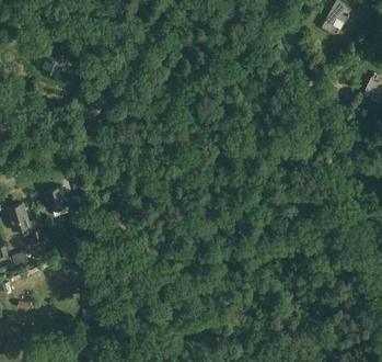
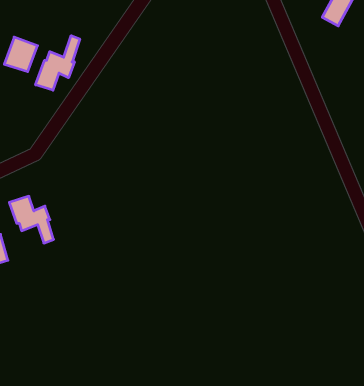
building: none -> [36,36,80,90]

